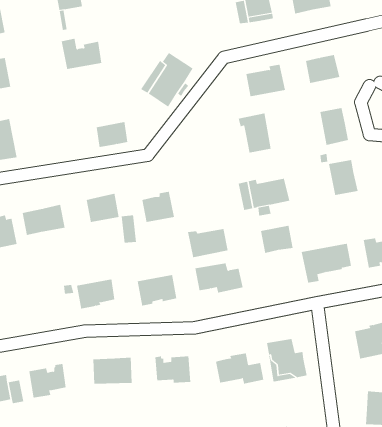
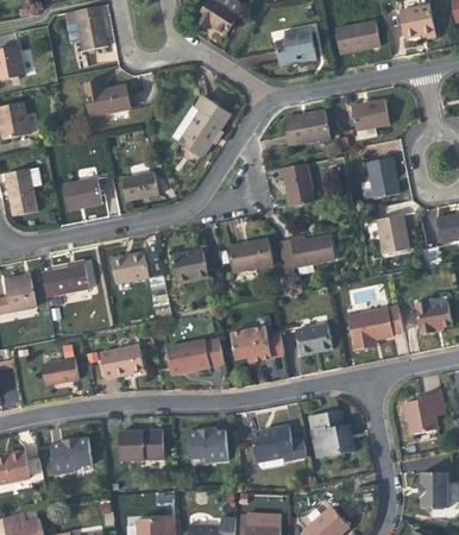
building: none -> [63,177,102,210]
building: [260,225,294,253] -> [296,323,333,354]
building: [187,229,228,258] -> [228,241,273,273]
building: none -> [43,358,80,385]

